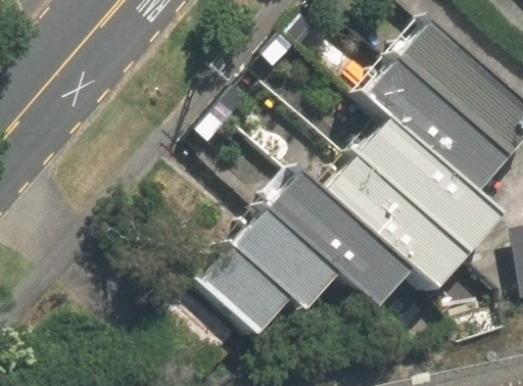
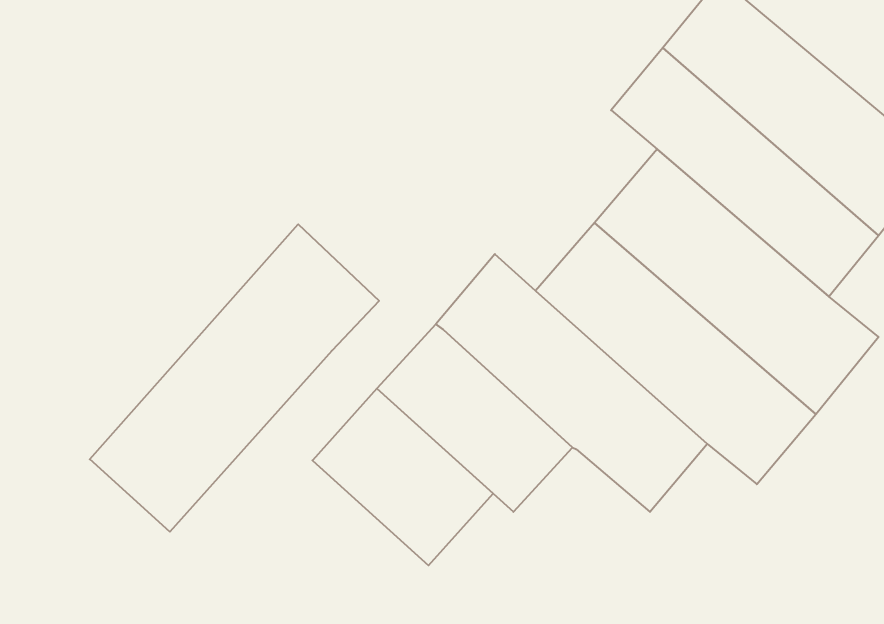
building: none -> [90,224,379,532]

